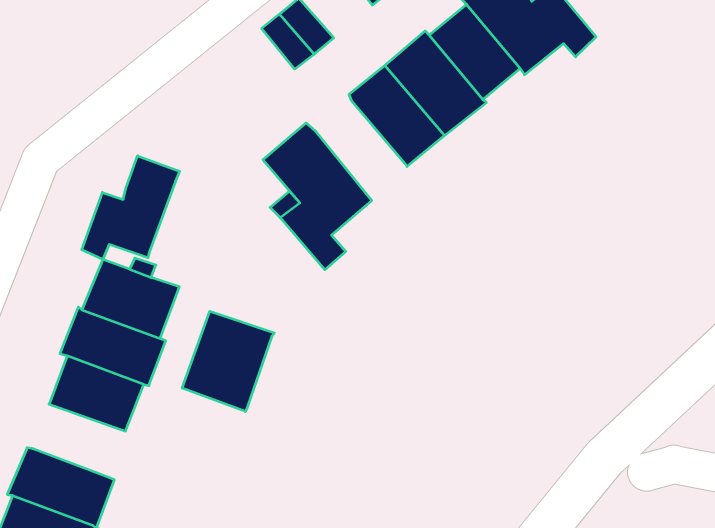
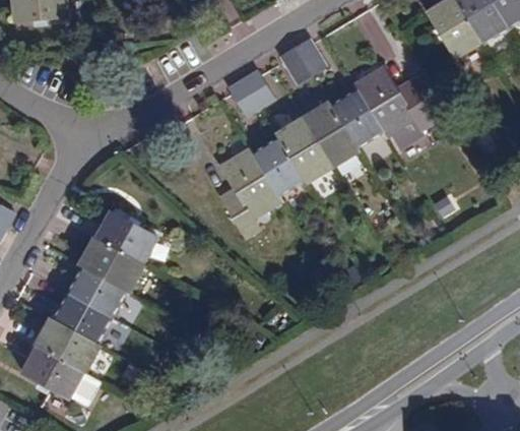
building: none -> [254,137,305,194]
building: [82,156,179,260] -> none
building: [182,311,274,412] -> none
building: none -> [54,293,112,343]

